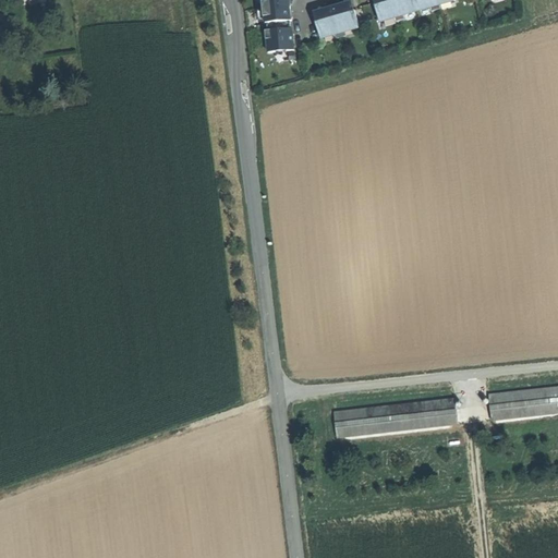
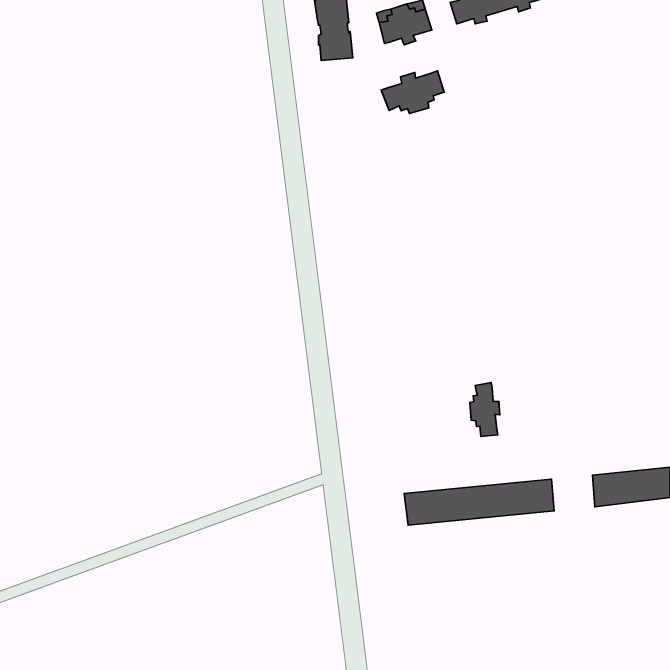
building: none -> [381,71,444,114]
building: none -> [470,382,500,436]

